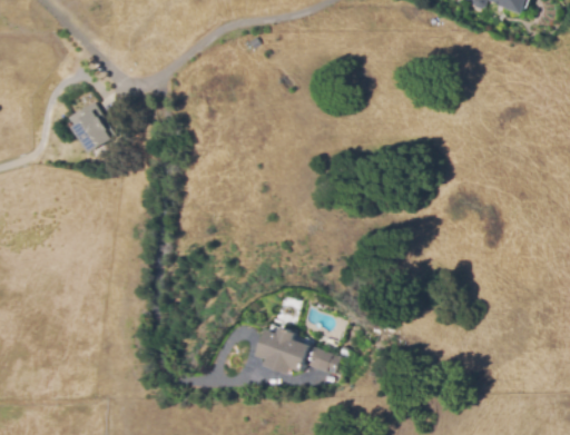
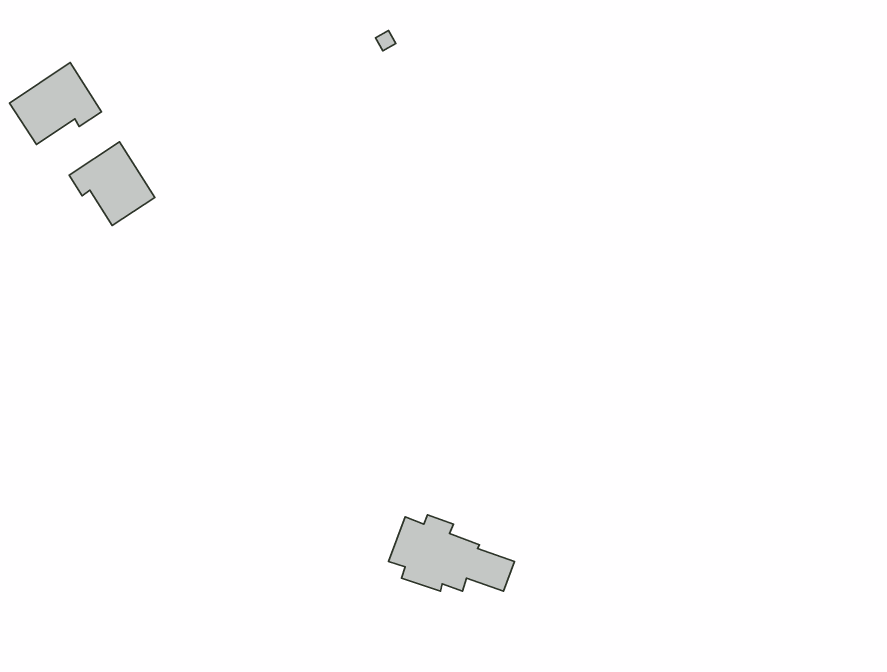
building: none -> [9,63,102,145]

